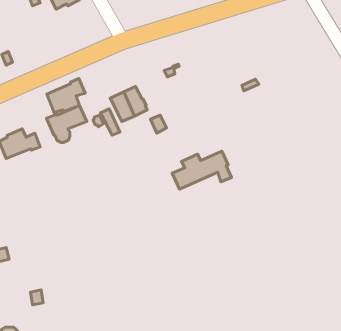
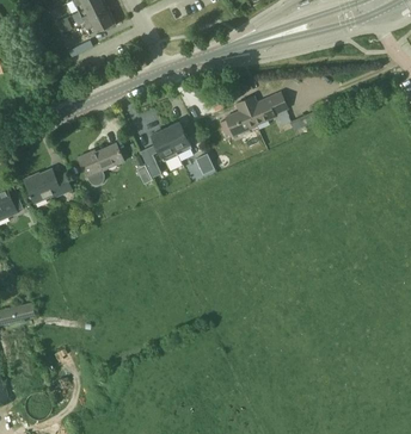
building: [47,79,85,113] -> none
building: [172,151,231,189] -> [225,92,292,135]

